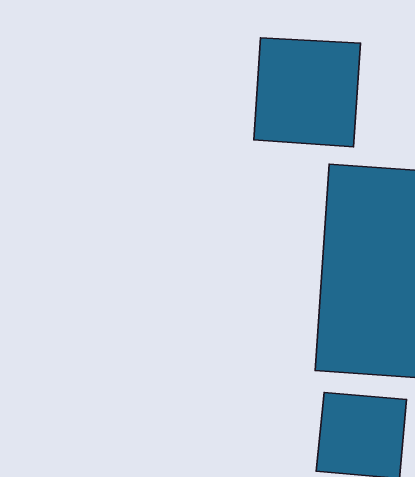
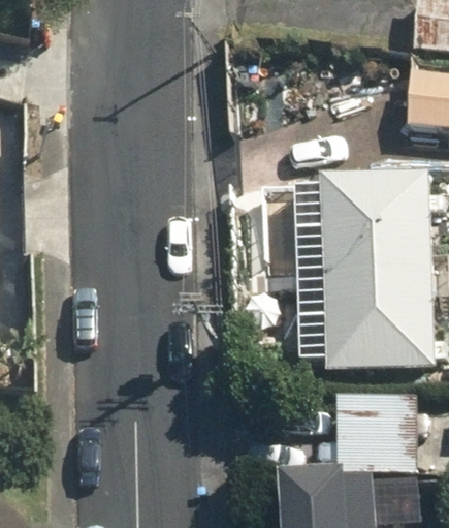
building: [254,38,361,147] -> none

